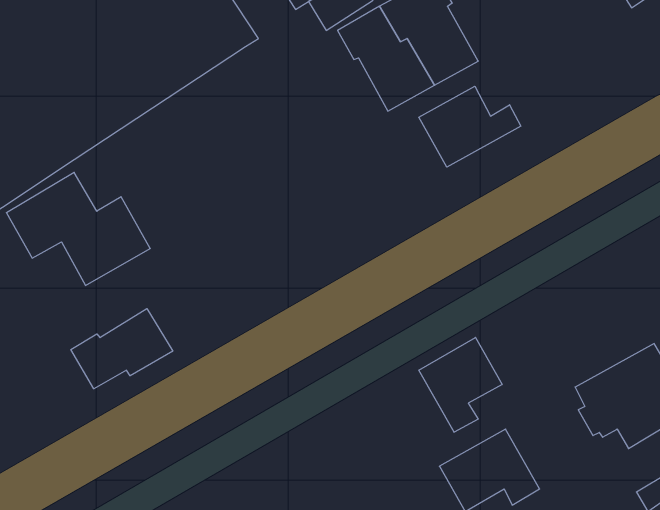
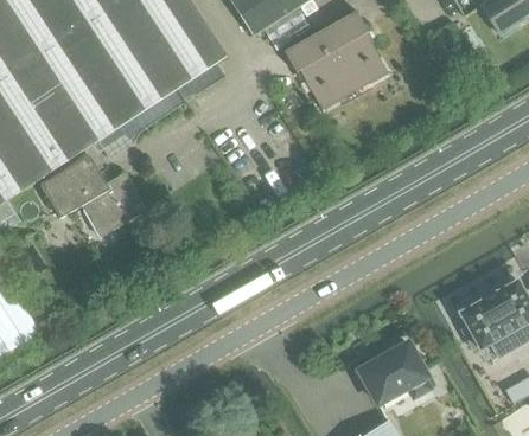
building: [419,86,521,167] -> none
building: [71,309,173,389] -> none
building: [419,337,502,432] -> none

